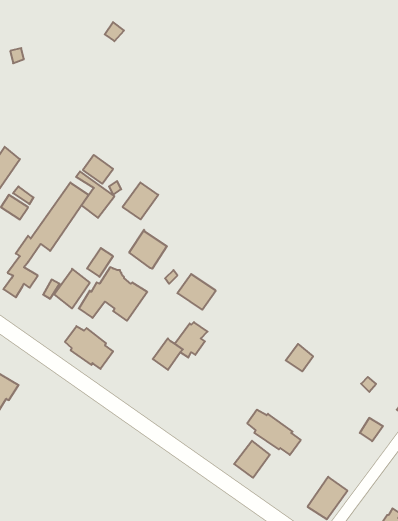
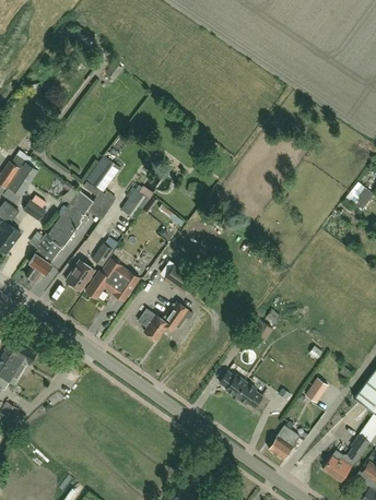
building: [129,230,167,269] -> none
building: [65,326,113,369] -> none
building: [234,441,270,478] -> none

